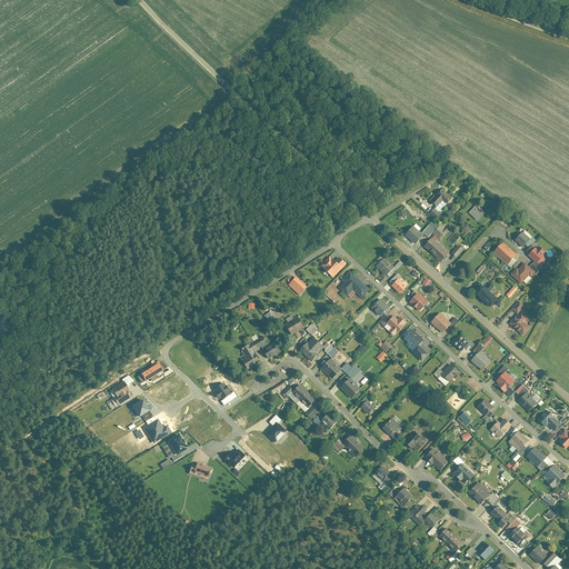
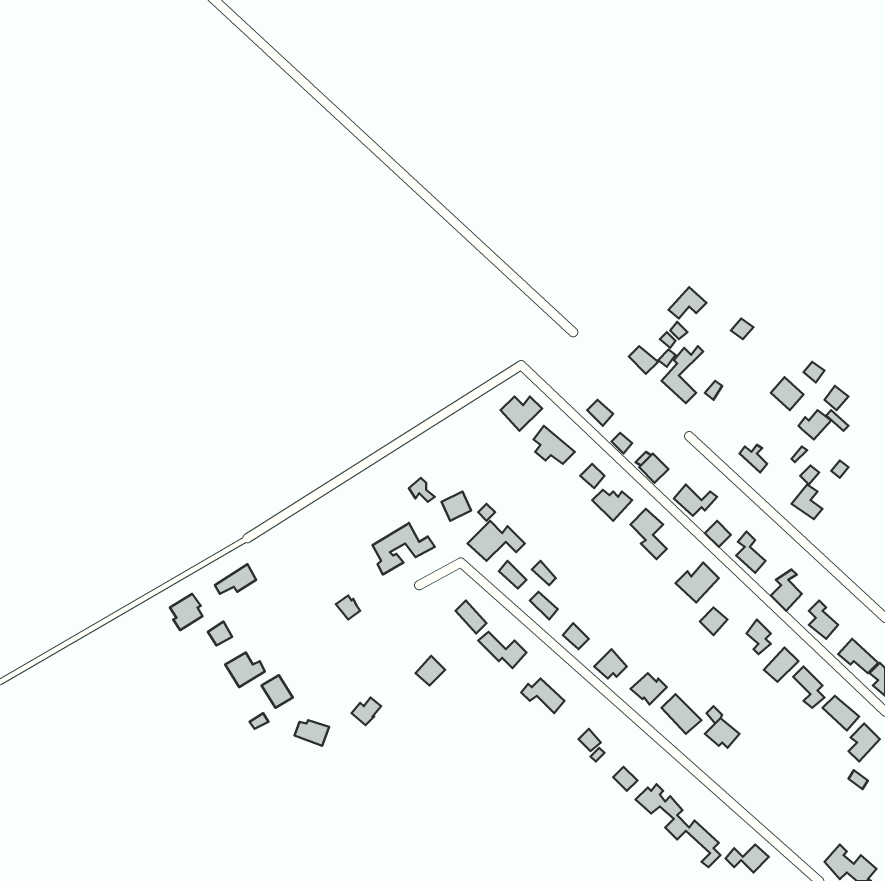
building: [469,481,527,543] -> none

